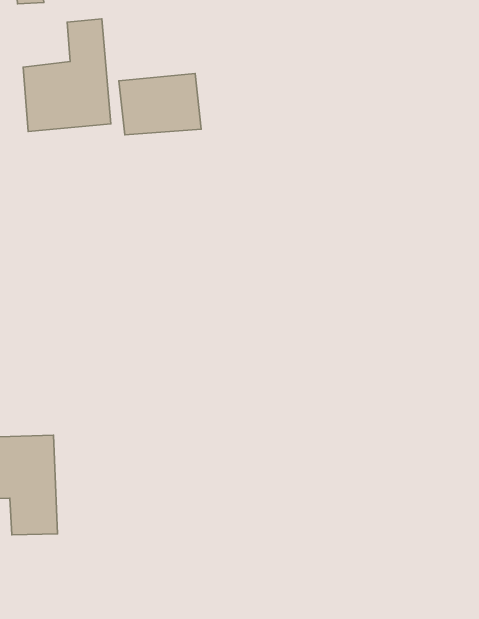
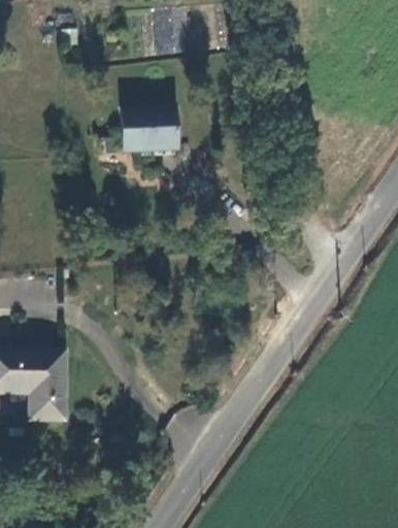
building: [23,19,111,132] -> none

